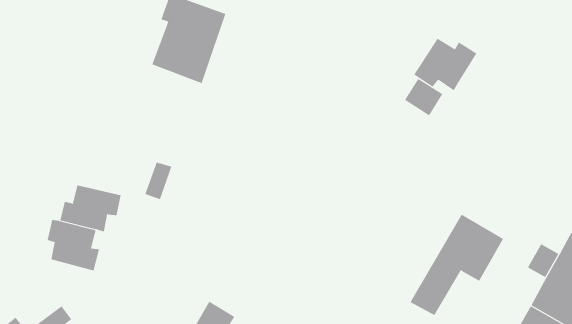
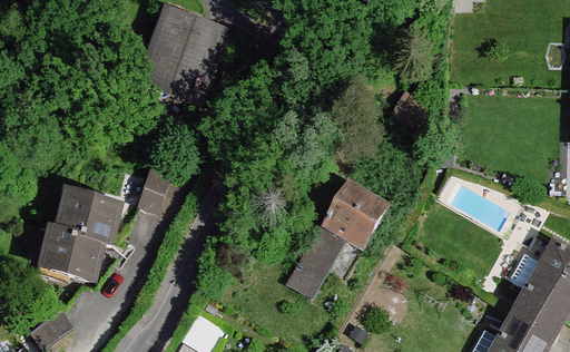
building: [413,38,477,91] -> none
building: [410,214,504,316] -> [296,183,387,282]

